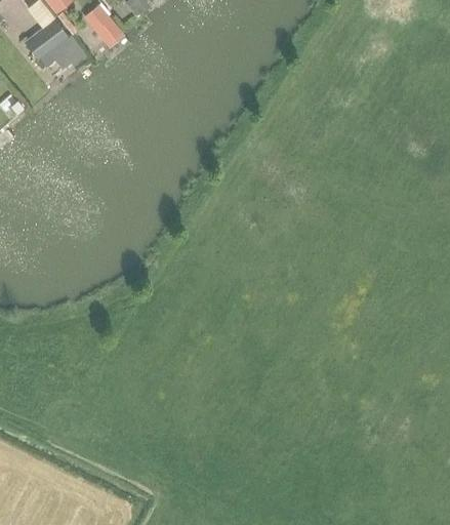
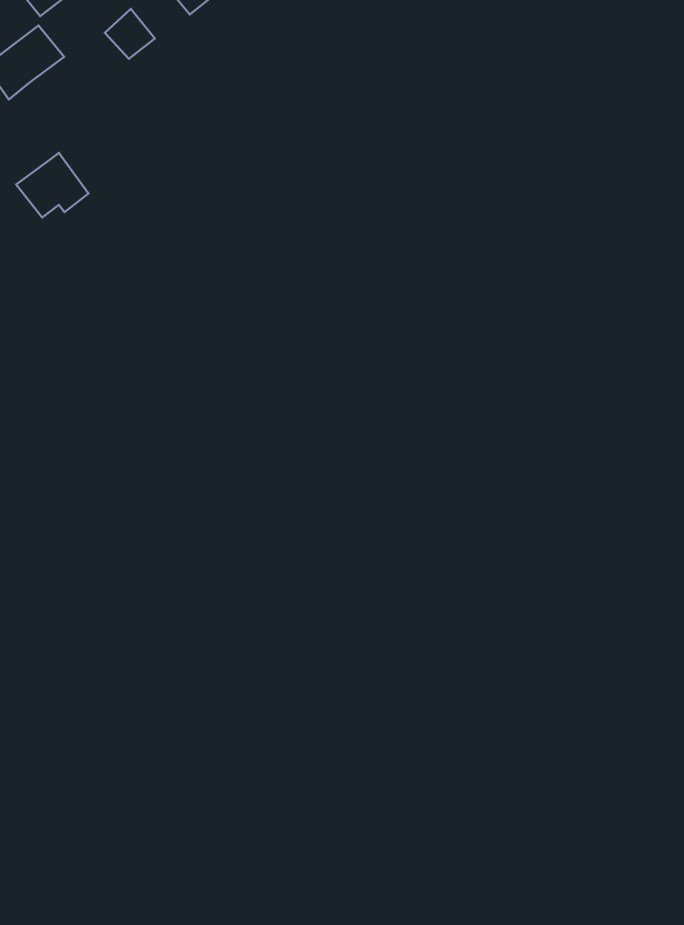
building: [48,34,88,70] -> [16,153,88,218]

